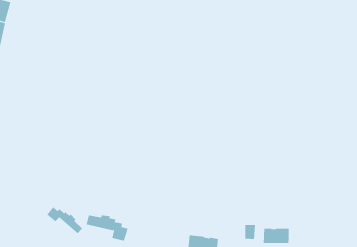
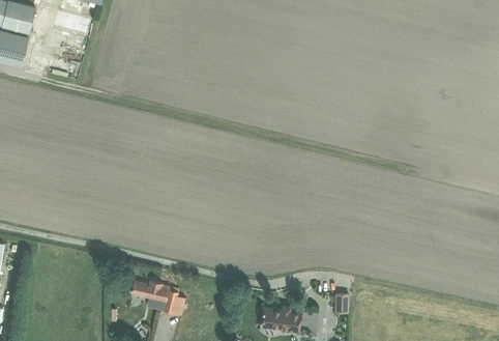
building: [46,207,83,234] -> none
building: [263,228,289,244] -> none

